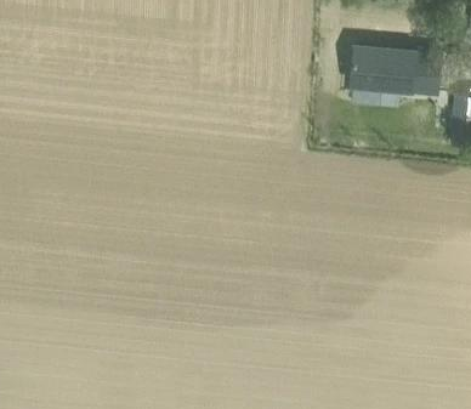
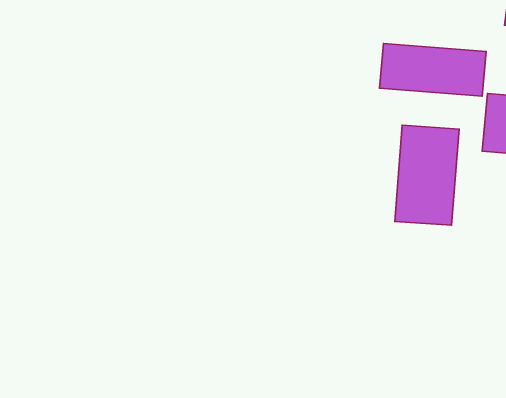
building: none -> [395,125,459,225]

